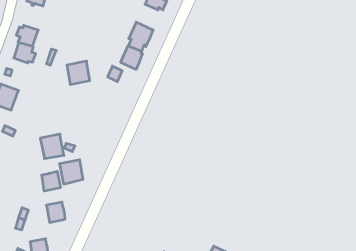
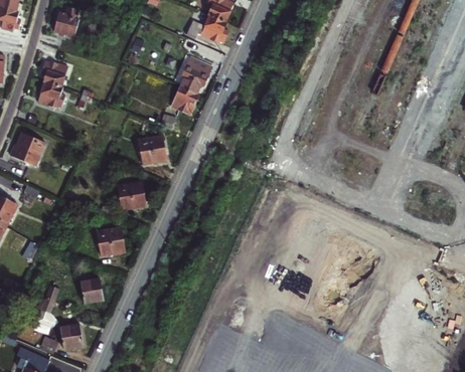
building: [67,61,90,85] -> [137,136,165,165]
building: [40,134,64,159] -> [116,181,145,211]
building: [42,171,60,191] -> none

